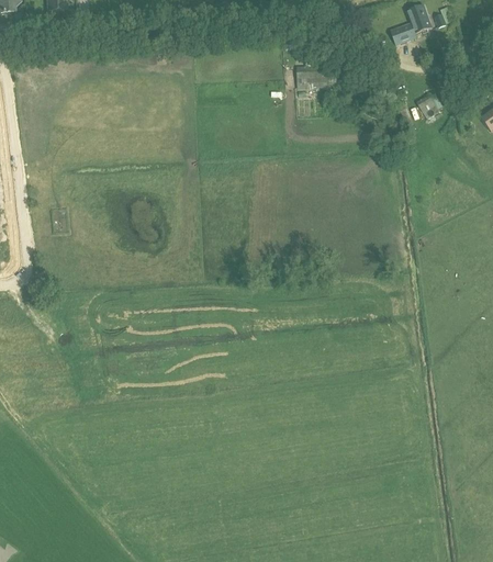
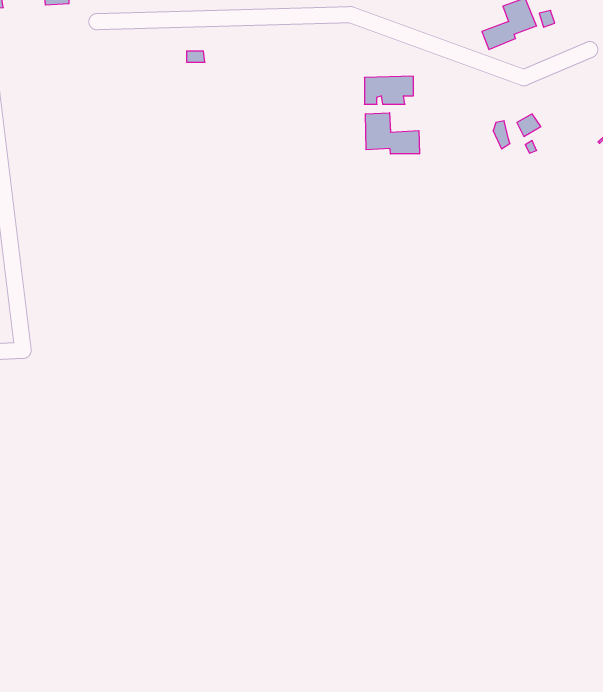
building: none -> [366,113,419,154]

